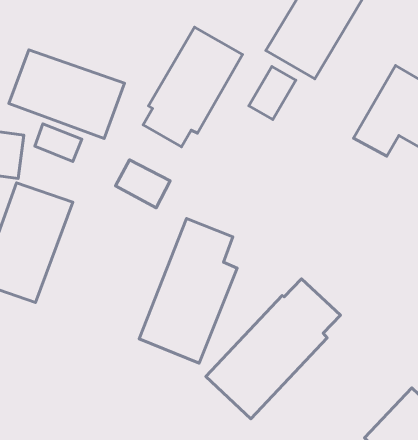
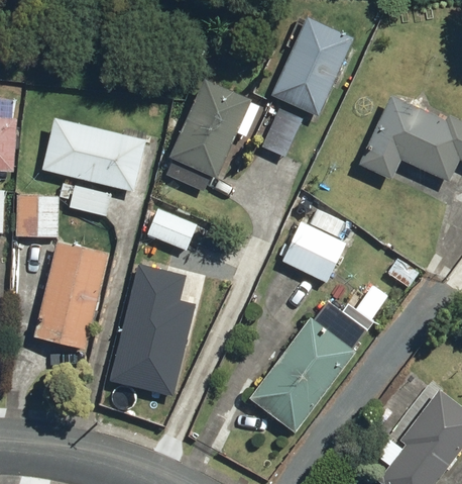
building: none -> [281,221,345,282]
building: [139,219,237,363] -> [112,263,195,394]

